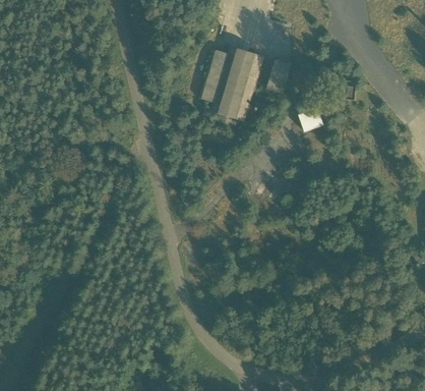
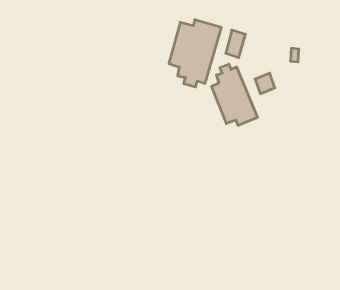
building: none -> [212,64,258,125]

